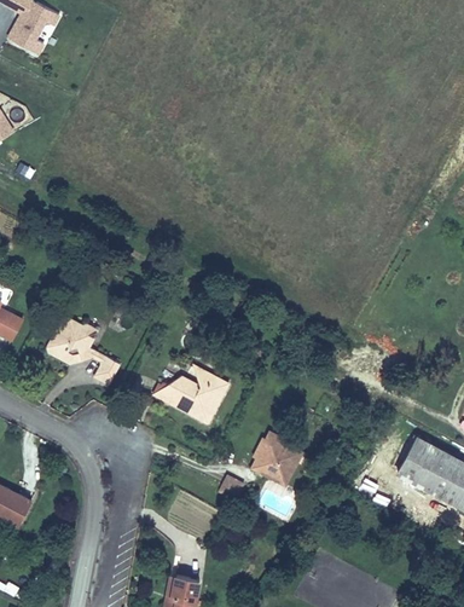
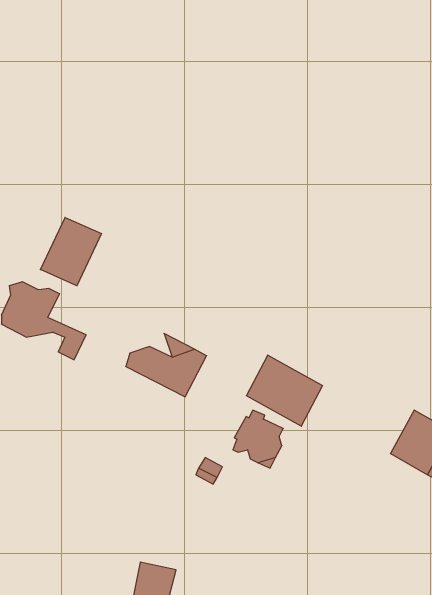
building: none -> [40,217,102,286]
building: none -> [246,355,323,426]

